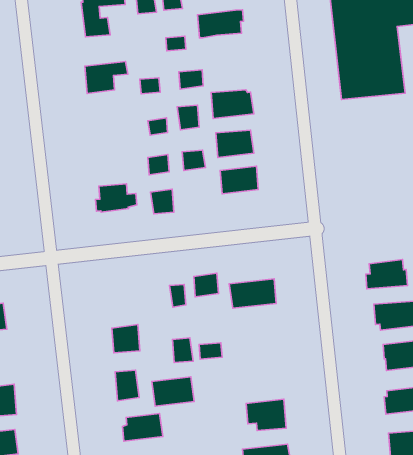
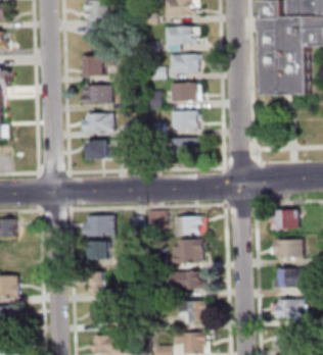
building: none -> [171,54,198,72]
building: none -> [82,86,111,103]
building: none -> [81,113,112,133]
building: none -> [83,216,114,236]
building: none -> [173,239,203,263]
building: [152,377,194,406] -> [173,271,201,290]

